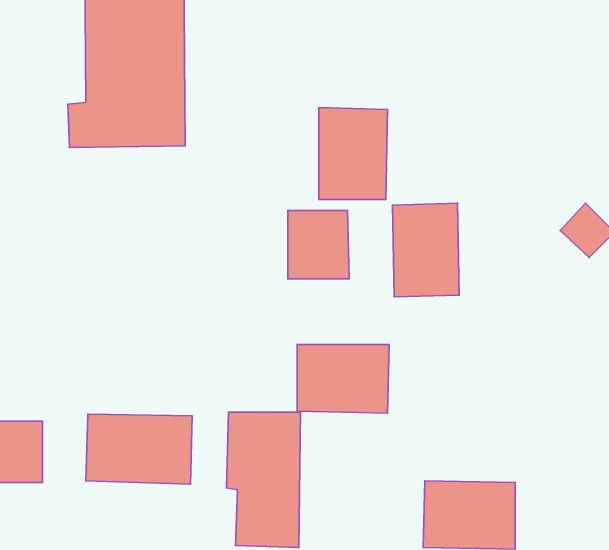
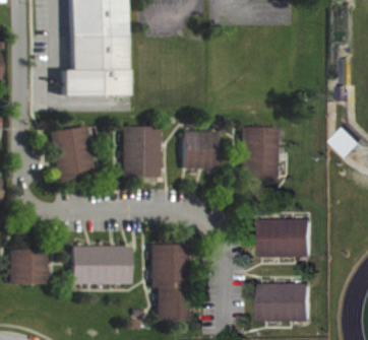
building: [319,108,388,199] -> [123,126,162,178]
building: none -> [51,126,96,183]
building: [297,345,389,413] -> [261,219,313,258]

